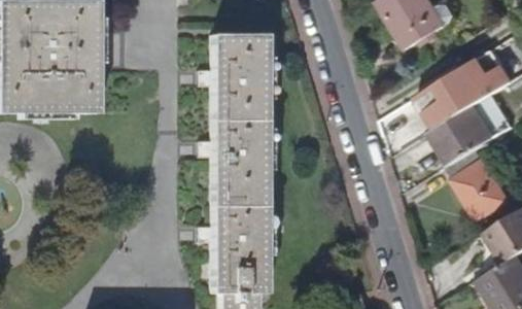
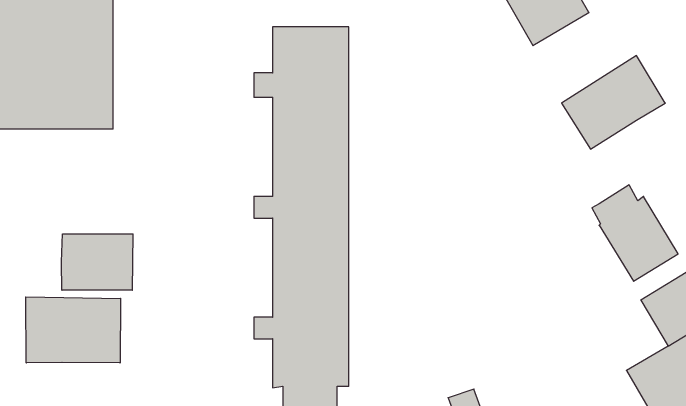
building: [432,104,497,164] -> none
building: none -> [61,234,133,290]
building: none -> [26,297,121,363]

